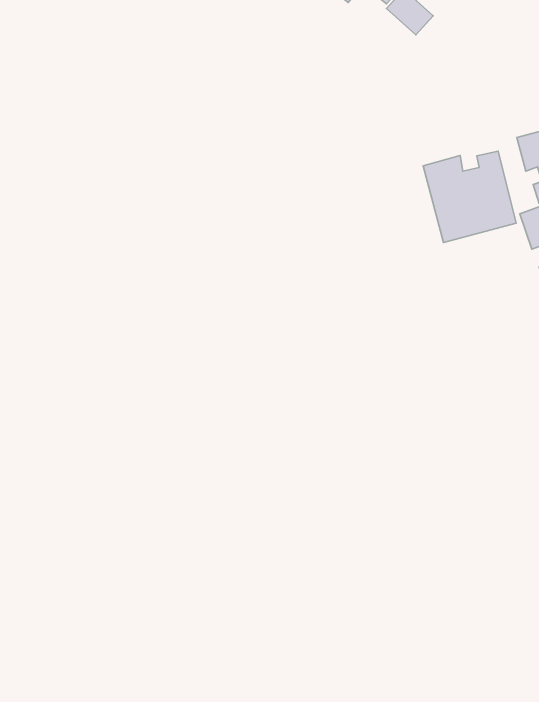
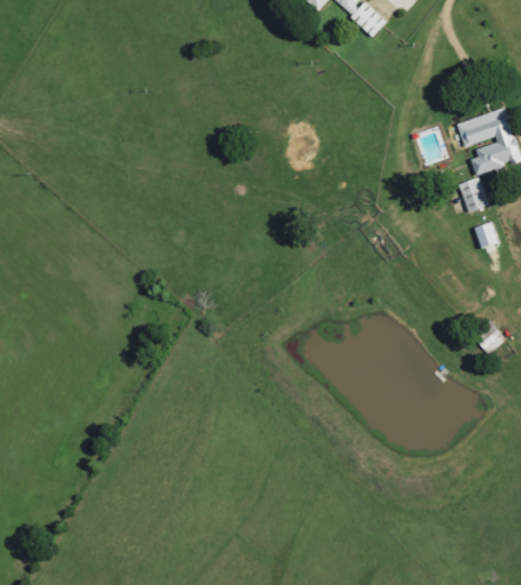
building: [423,151,516,243] -> none

